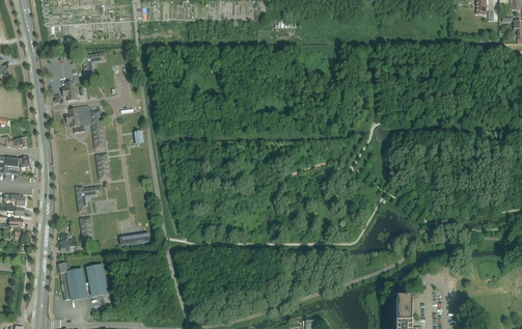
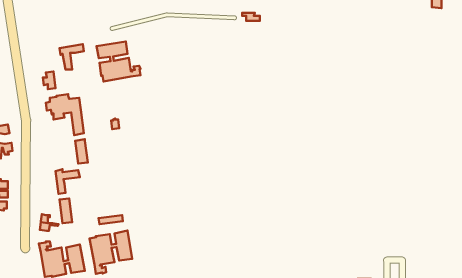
building: none -> [96,42,141,81]
building: none -> [90,231,132,274]

